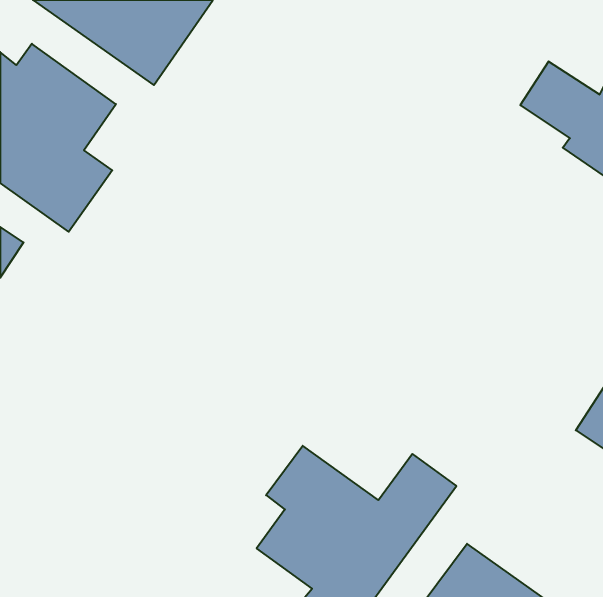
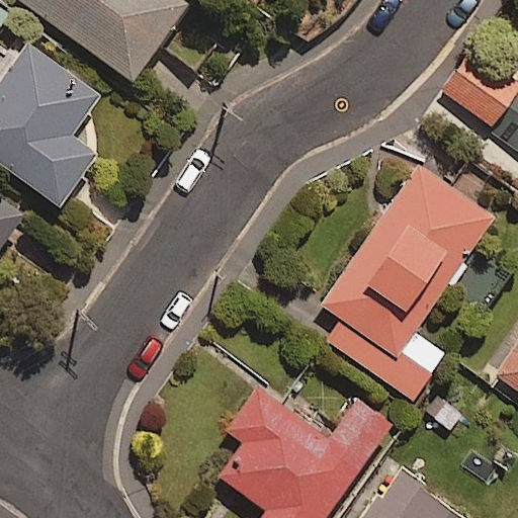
building: none -> [322,165,494,401]

